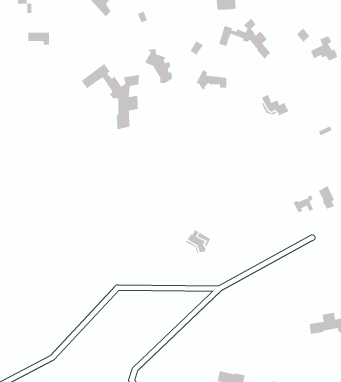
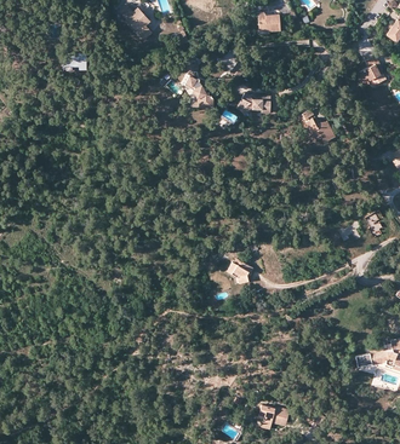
building: [218,18,271,60] -> none
building: [81,63,140,130] -> none

